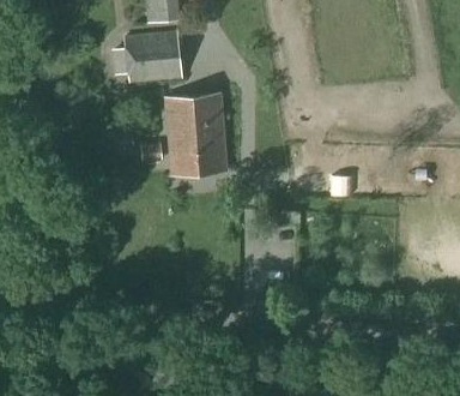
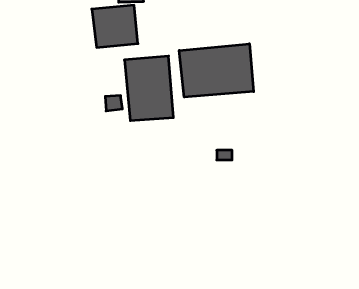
building: none -> [179,44,254,97]

